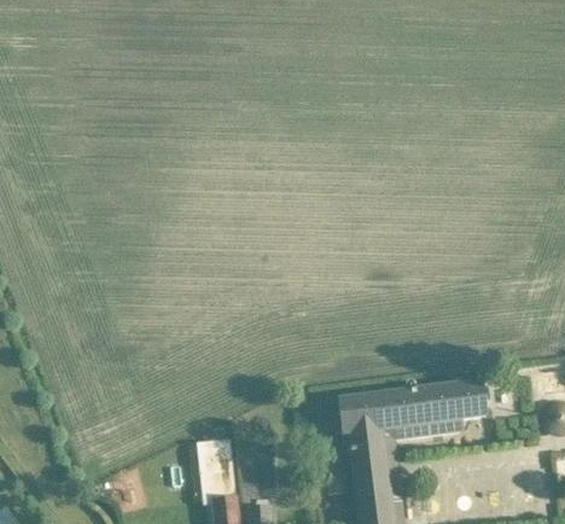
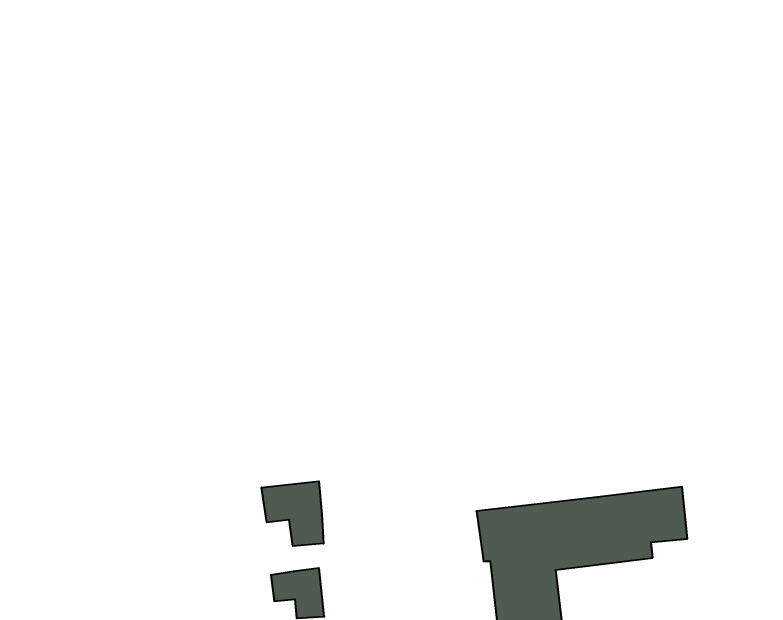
building: none -> [262,481,324,546]

